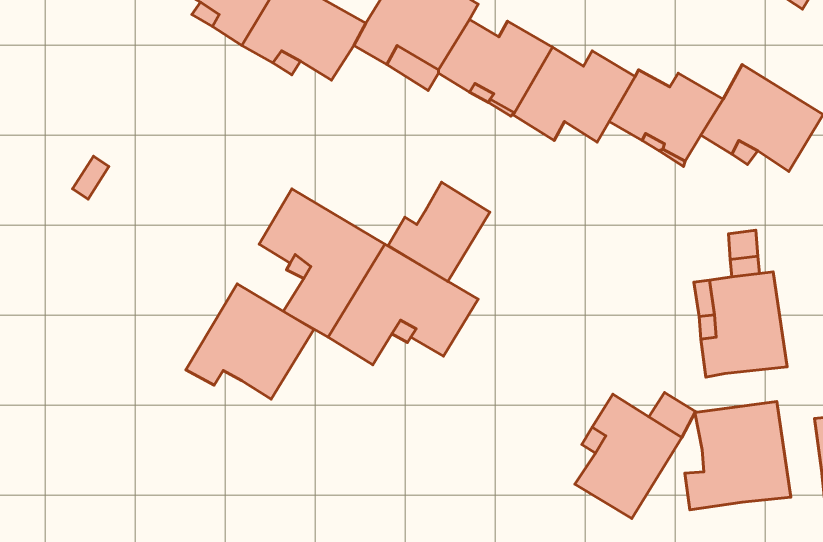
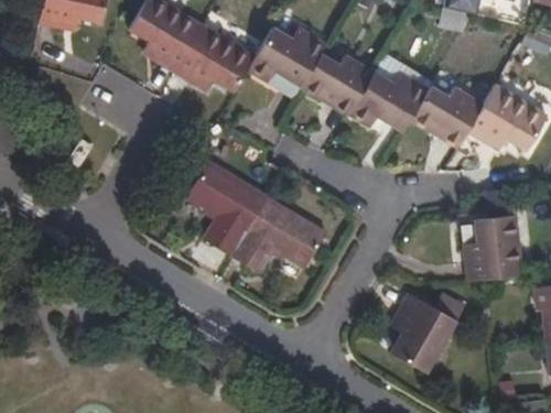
building: [388,182,490,281] -> none
building: [186,284,314,399] -> none
building: [685,401,791,510] -> none

